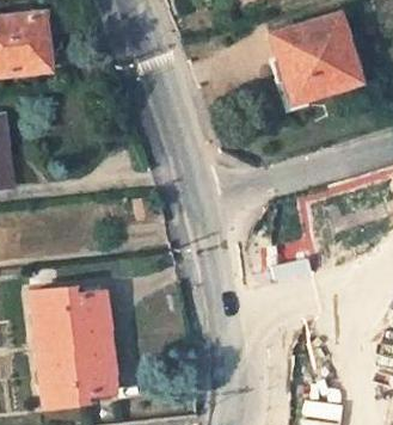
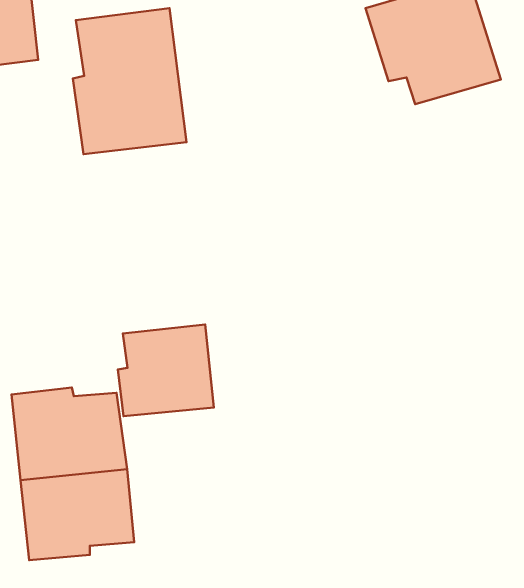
building: none -> [73,8,187,154]
building: none -> [118,325,214,416]

